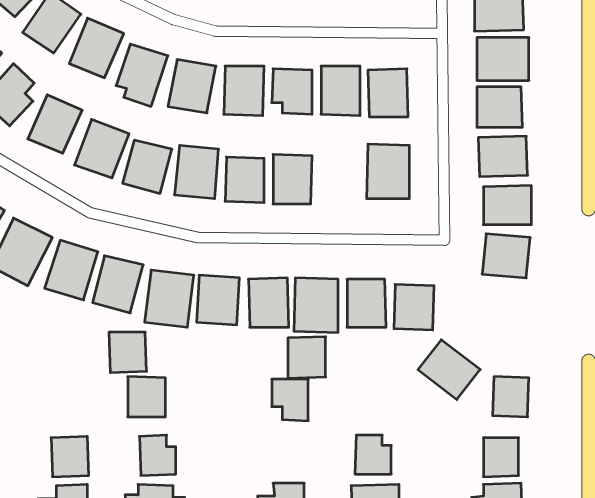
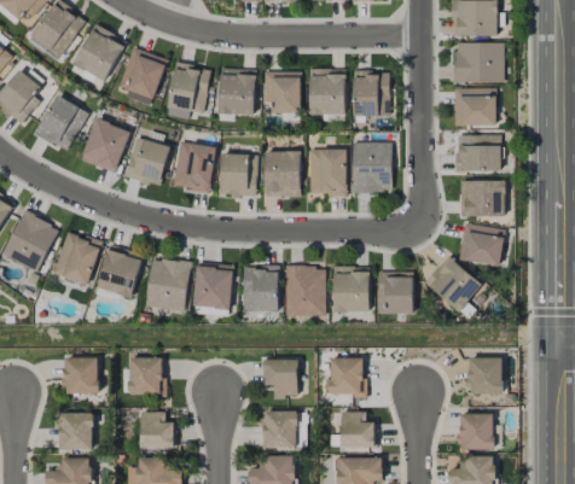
building: none -> [309,150,347,194]
building: [109,332,147,373] -> [64,357,99,395]
building: [288,337,326,378] -> [330,357,365,396]
building: [418,340,480,400] -> [424,256,482,311]
building: none -> [263,410,296,448]

